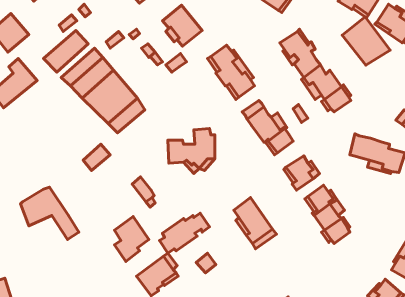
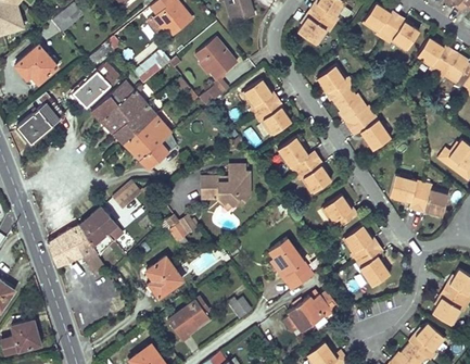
building: [342,17,390,65] -> none
building: none -> [79,209,116,256]
building: [159,213,210,253] -> [284,291,336,332]

